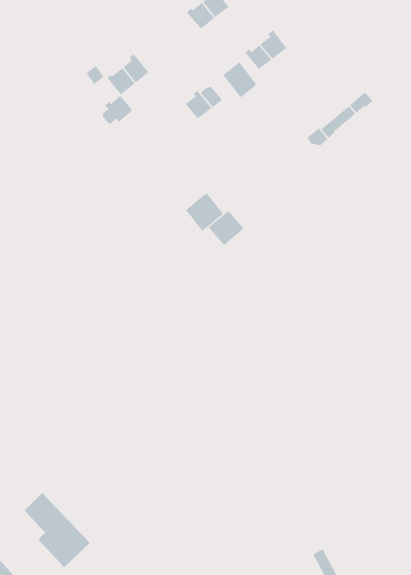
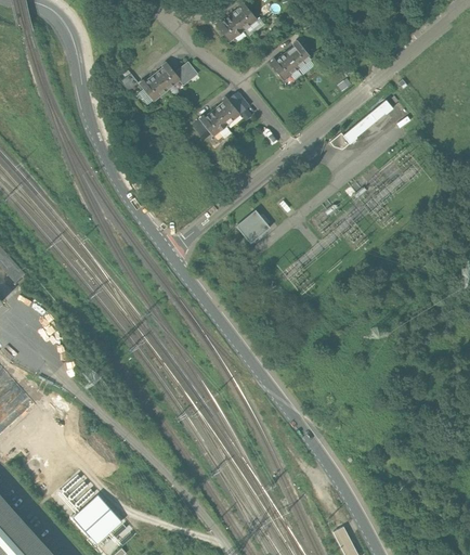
building: [223,61,257,98] -> none
building: [102,95,133,124] -> [196,111,225,138]
building: [185,192,224,232] -> none

